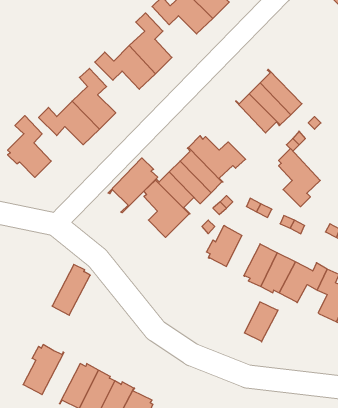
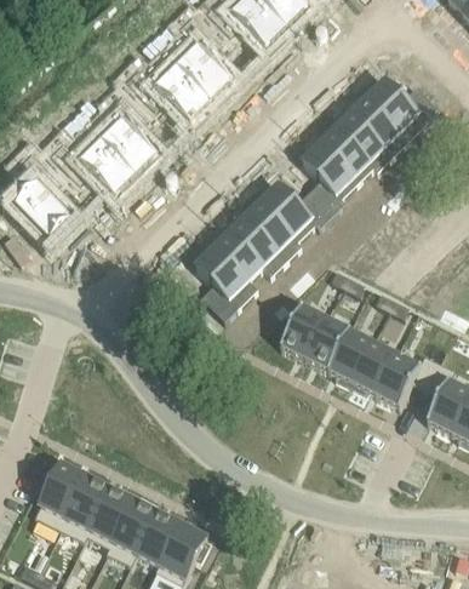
building: none -> [360,79,437,141]
building: [279,149,320,207] -> [301,137,356,215]
building: [108,158,158,213] -> none
building: [52,264,90,315] -> [58,473,109,541]
building: [244,302,278,342] -> [304,316,349,370]

